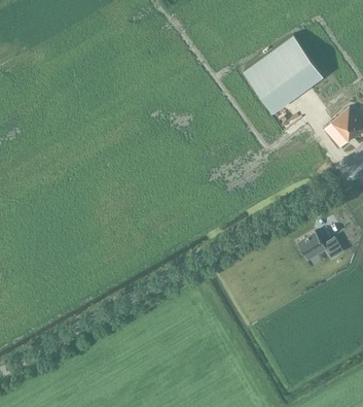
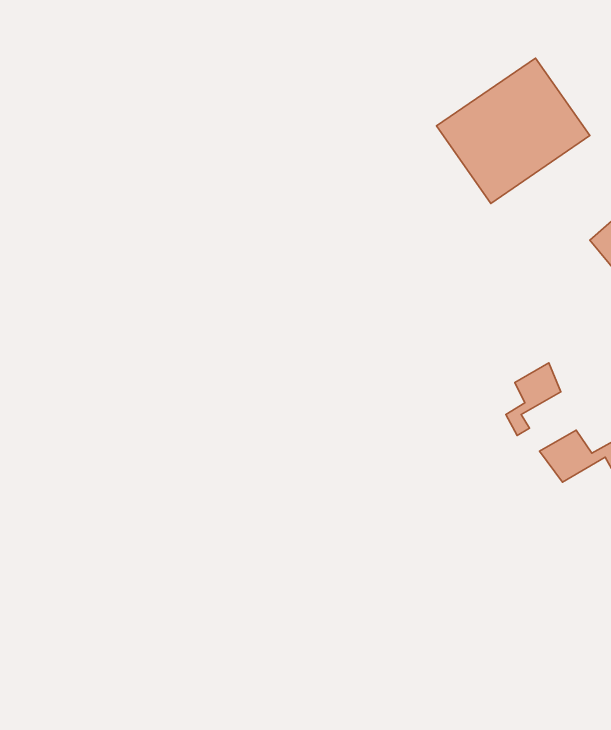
building: none -> [506,363,561,435]

